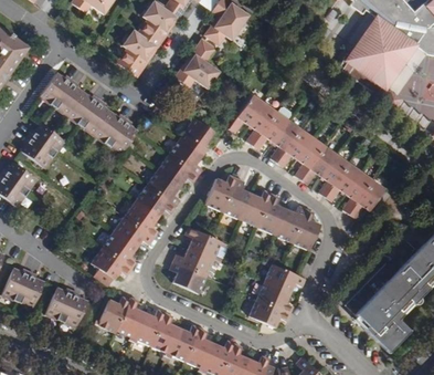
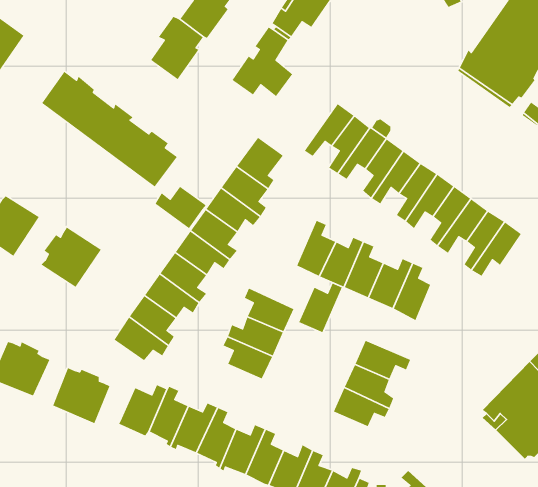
building: [21,119,65,164] -> [40,226,102,288]
building: none -> [154,186,207,229]
building: [204,174,236,210] -> [298,282,343,333]

